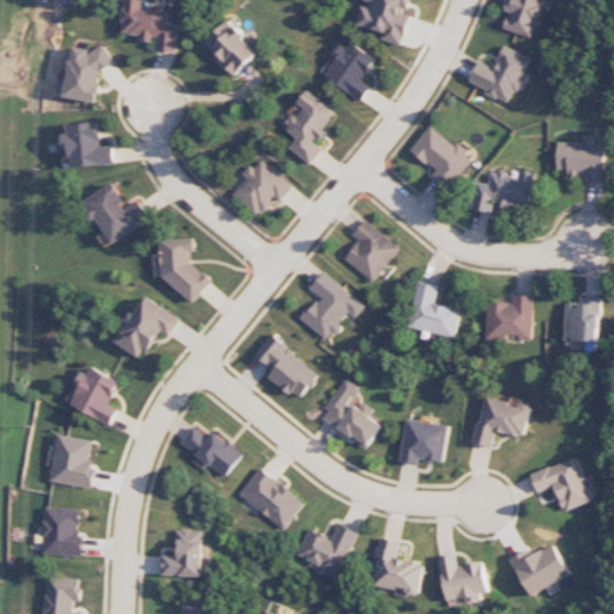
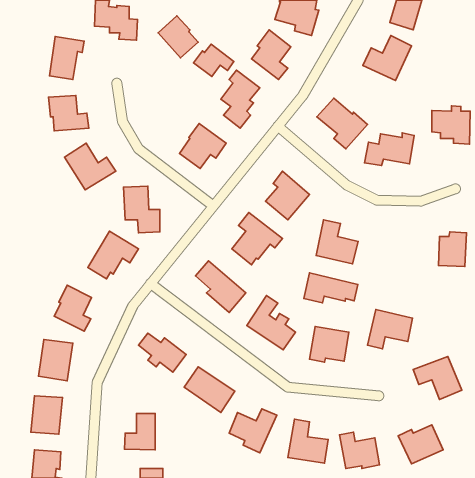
building: none -> [193,44,234,76]
building: [484,295,531,341] -> none
building: none -> [304,273,358,303]

